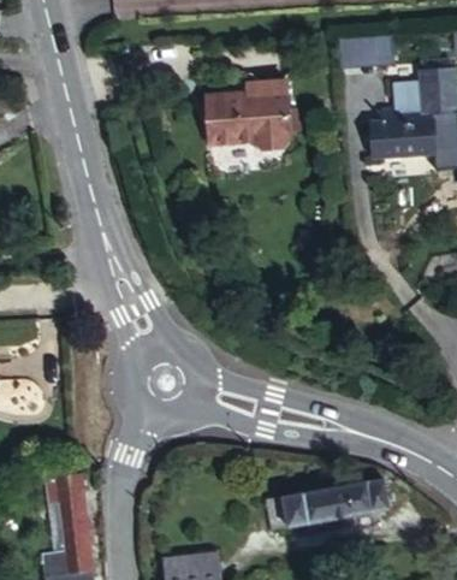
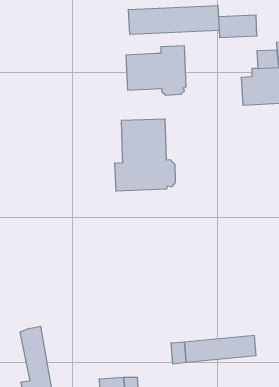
building: none -> [128,5,219,34]
building: none -> [115,119,175,191]

